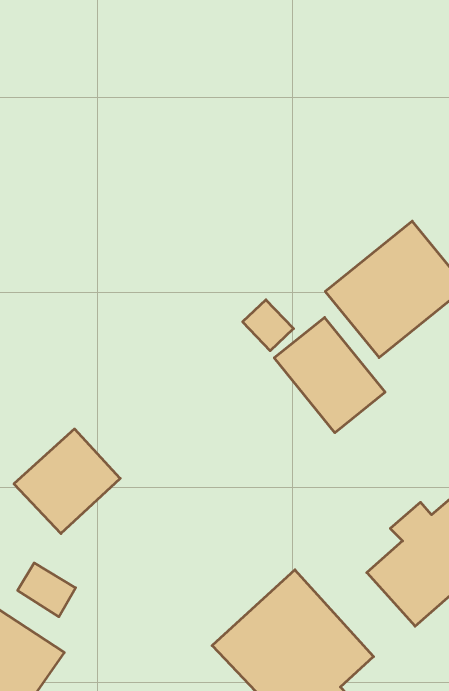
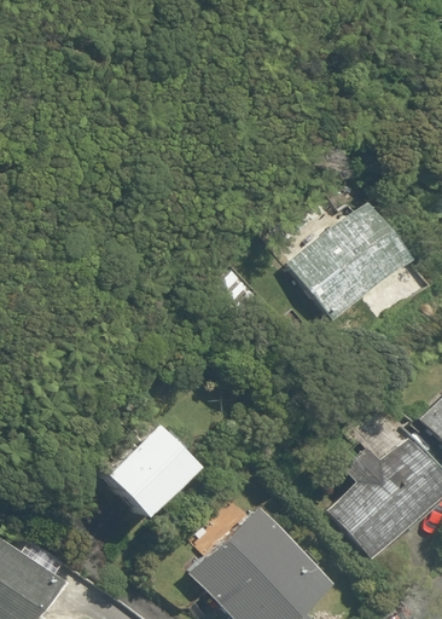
building: [274,317,385,433] -> none
building: [14,429,120,534] -> [104,422,197,514]

